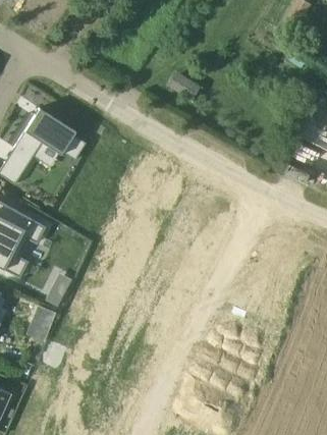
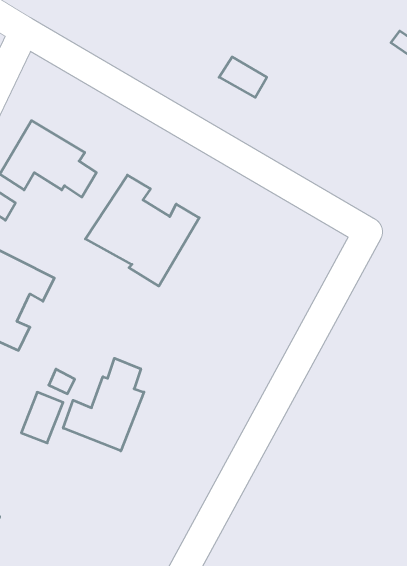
building: none -> [85,175,199,286]
building: none -> [63,358,144,451]

